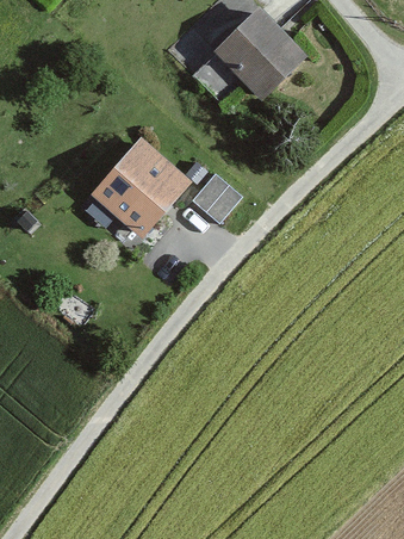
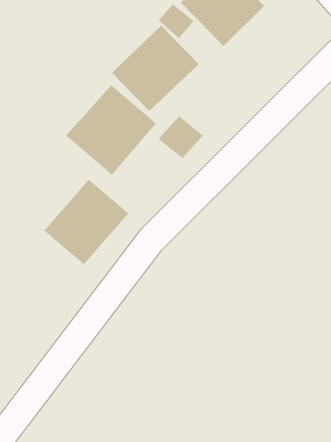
building: none -> [111,25,199,112]
building: none -> [44,179,129,265]

